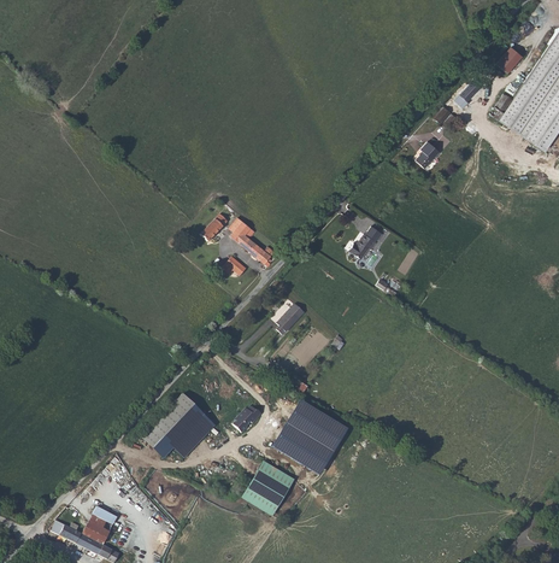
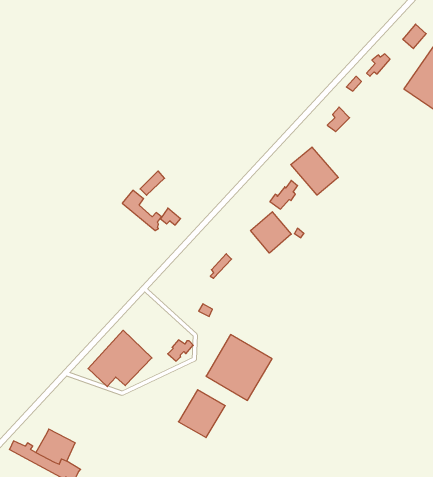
building: none -> [291,147,338,195]
building: [230,221,275,266] -> [122,190,162,231]
building: none -> [251,212,291,253]

